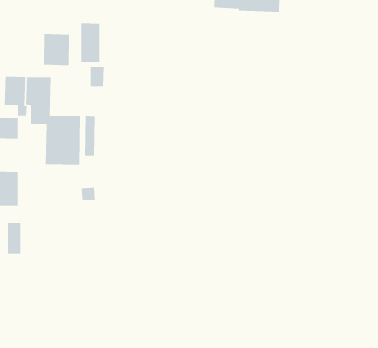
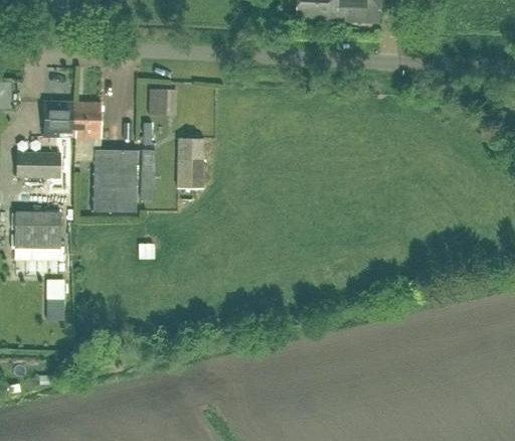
building: [81,23,100,63] -> none
building: [43,33,70,66] -> none
building: none -> [177,137,204,188]

